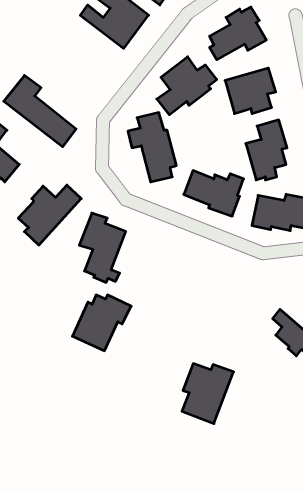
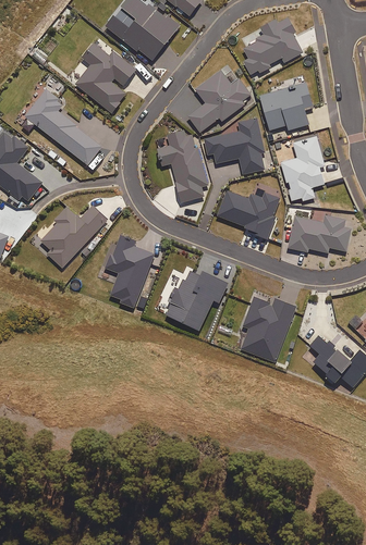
building: none -> [76,38,138,112]
building: none -> [204,117,264,173]
building: [72,295,131,351] -> [167,271,229,330]
building: [182,364,234,424] -> [241,297,295,360]

